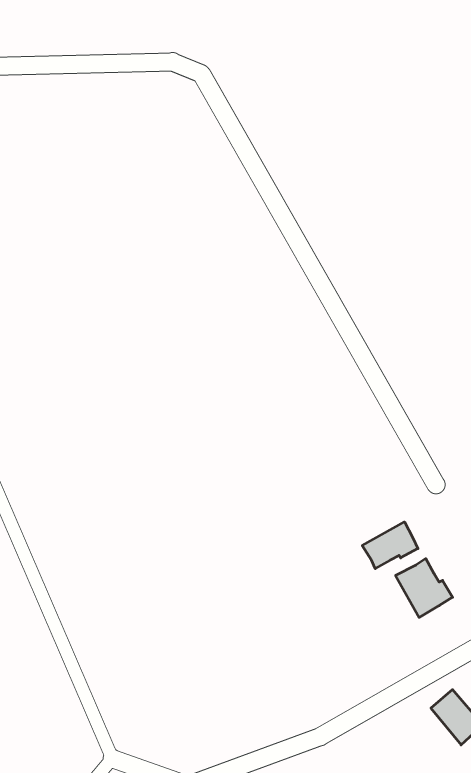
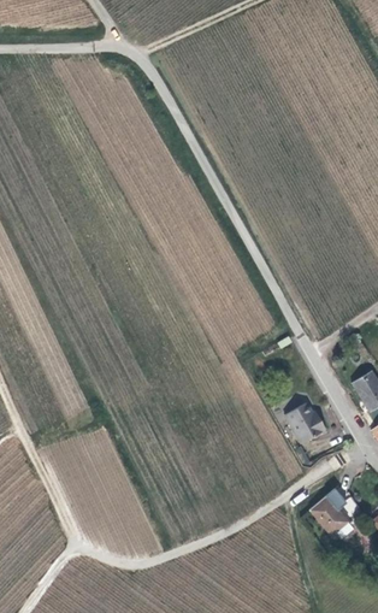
building: [362,522,418,569] -> none

